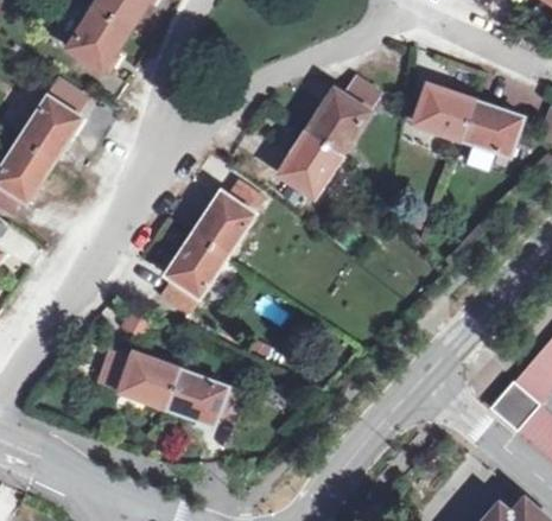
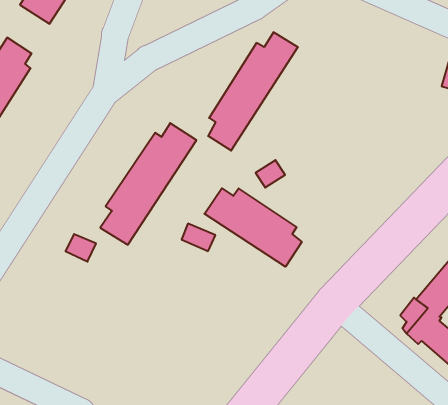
building: [415,84,522,154] -> none
building: none -> [204,188,302,267]
building: [100,350,245,425] -> none

